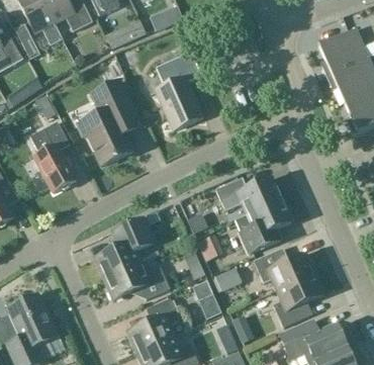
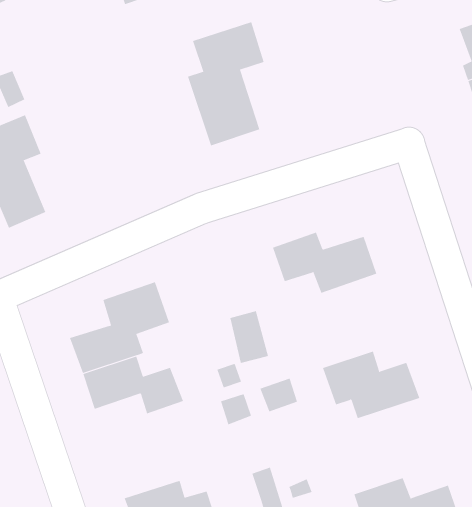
building: [77,79,142,165] -> none
building: [236,199,291,253] -> none
building: [274,273,324,327] -> none
building: [130,298,178,351] -> none

